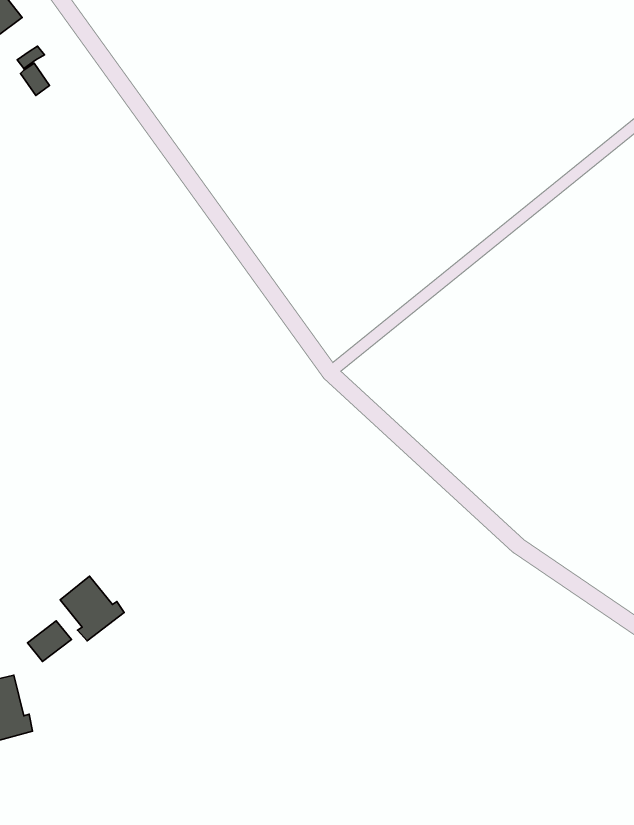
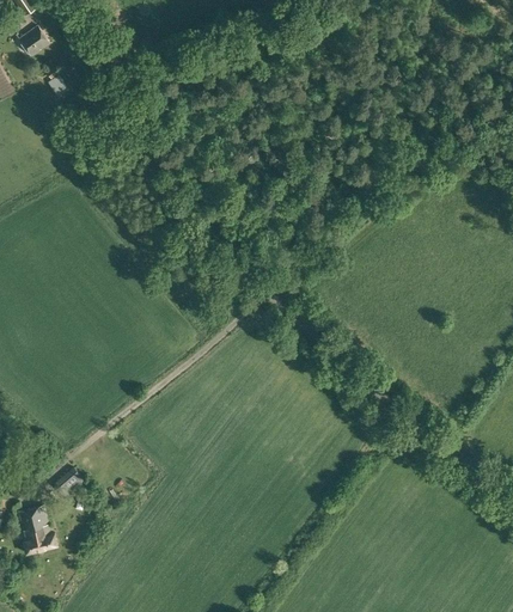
building: [60,576,124,641] -> none

